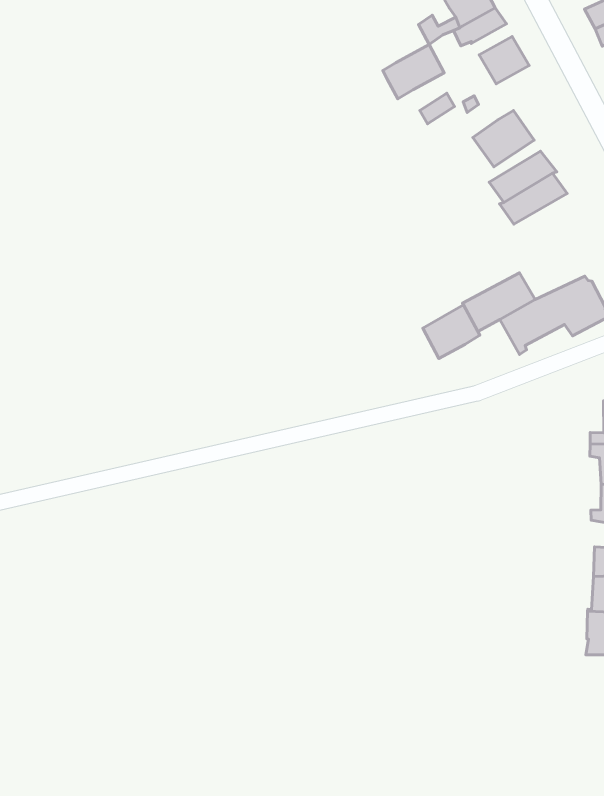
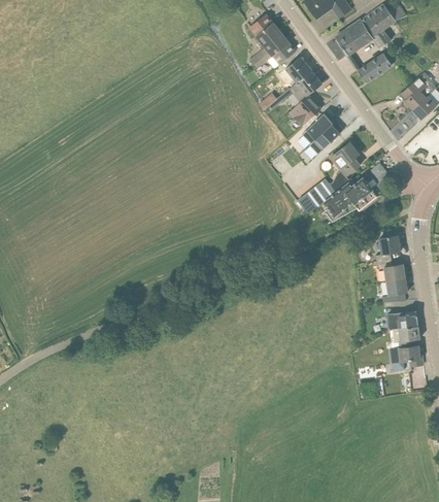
building: [383,44,444,99] -> [290,70,322,101]
building: none -> [330,141,361,176]
building: [423,305,480,358] -> none

